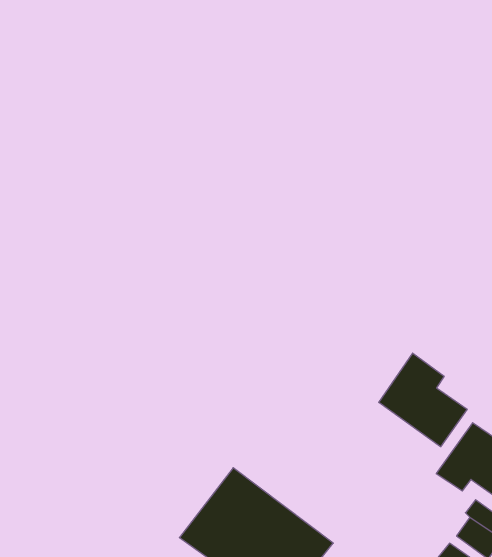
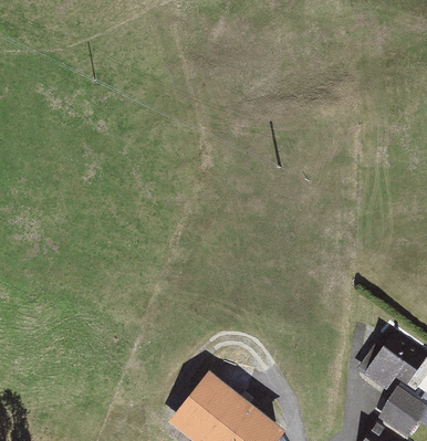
building: [379,353,467,447] -> none

